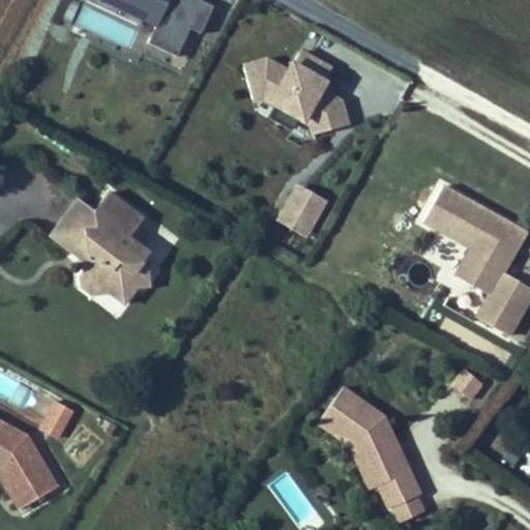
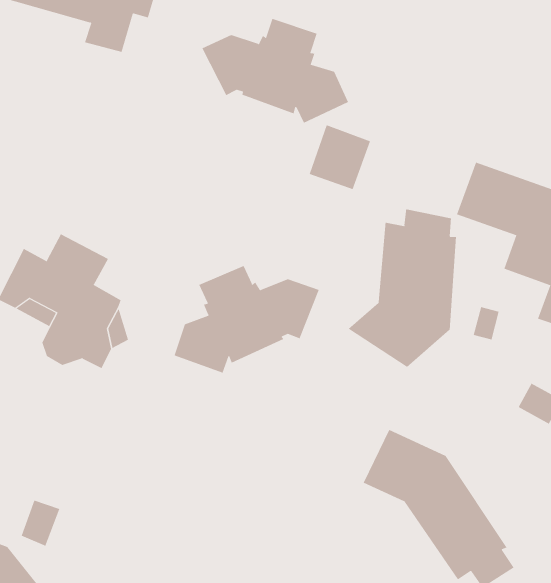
building: [275,181,328,236] -> [309,124,371,190]
building: none -> [348,209,457,368]
building: none -> [174,265,320,374]

